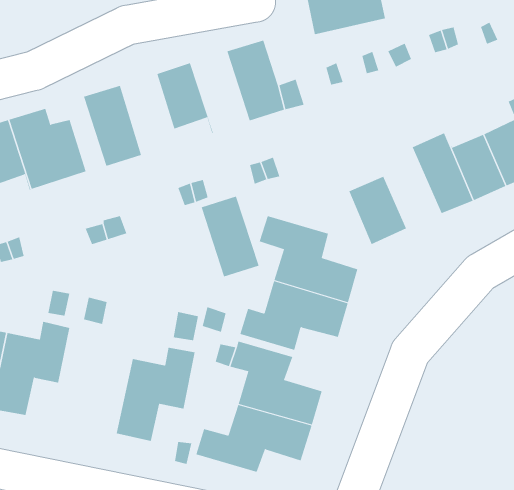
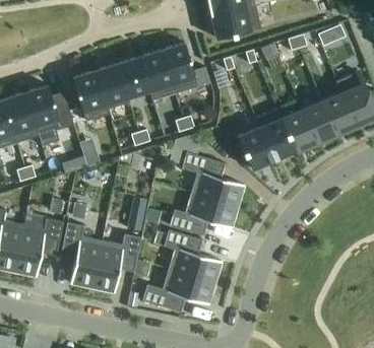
building: none -> [95,64,129,115]
building: none -> [255,110,295,160]
building: [201,196,259,277] -> [138,50,175,100]
building: none -> [60,222,102,288]

